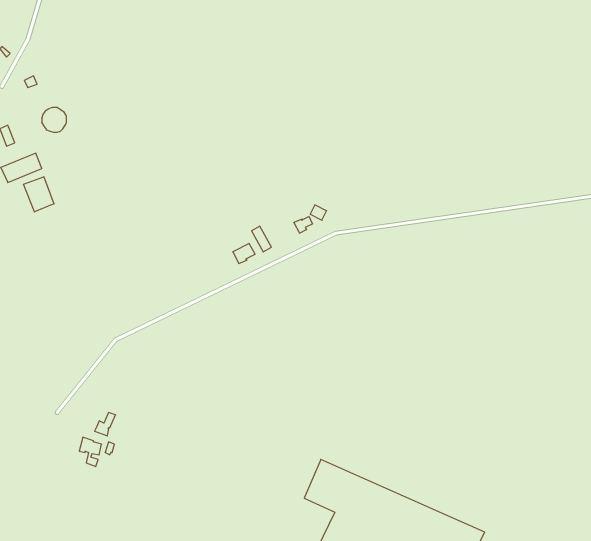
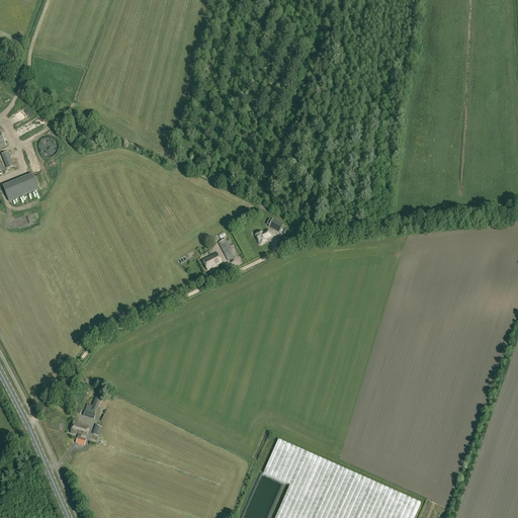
building: [23,177,54,212] -> none

